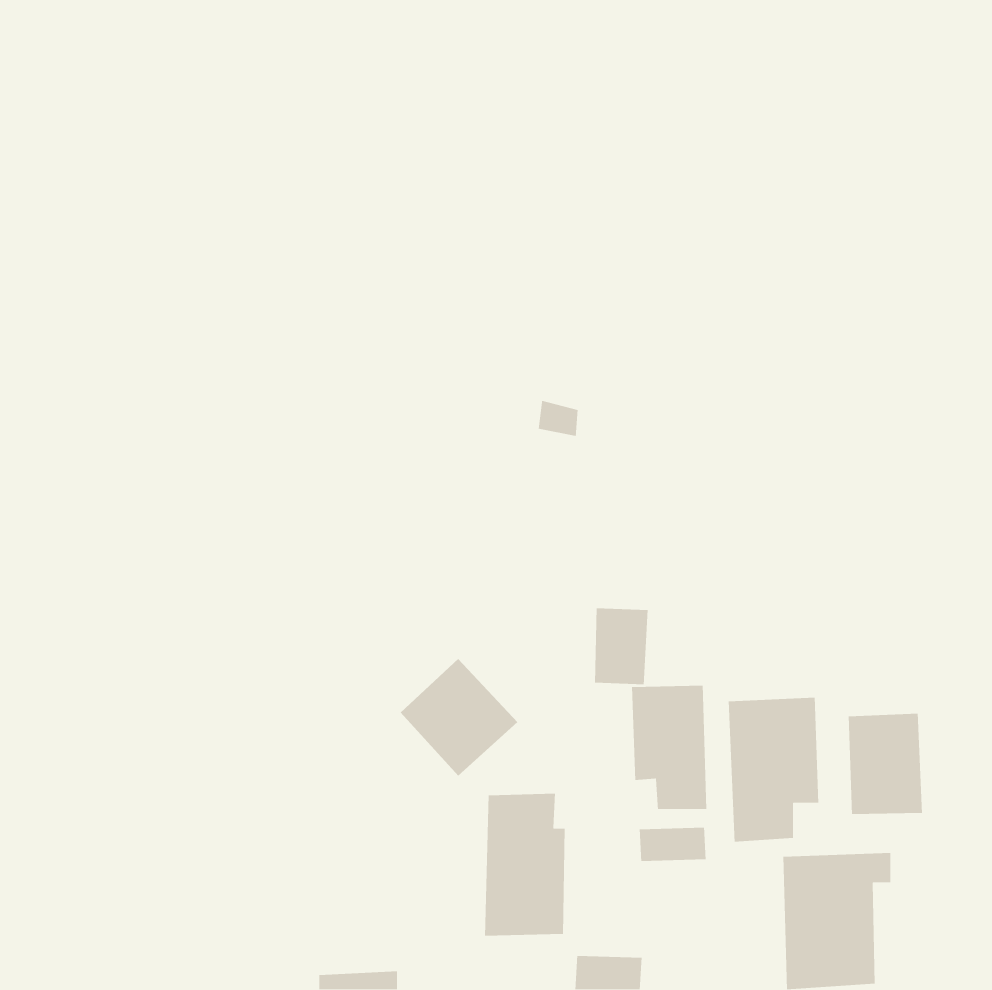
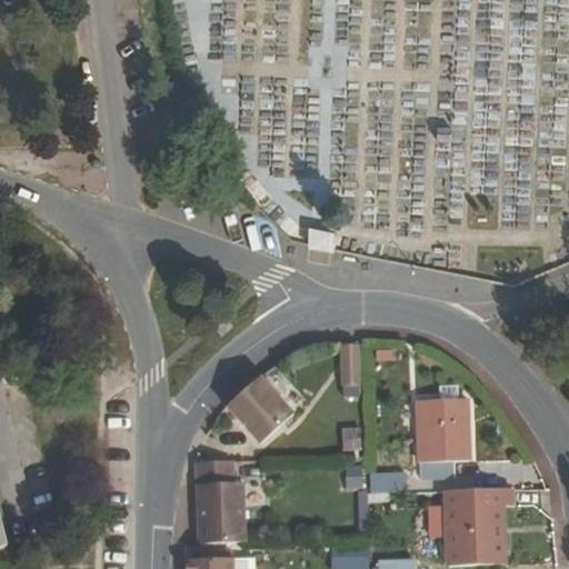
building: [631,685,707,810] -> none
building: [848,713,923,815] -> none
building: [484,793,566,937] -> [196,459,242,541]

